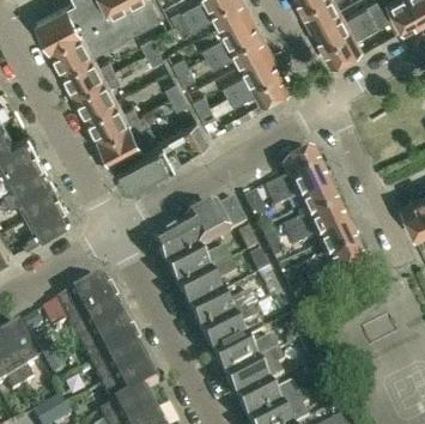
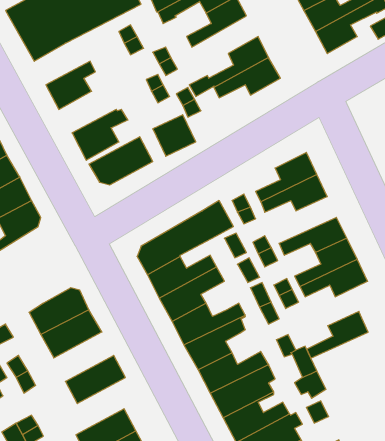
building: [208,26,269,63] -> none
building: [63,52,115,90] -> none
building: [86,96,139,134] -> none
building: [285,193,341,236] -> [307,311,368,358]
building: [81,317,136,363] -> none
building: [101,359,158,412] -> none

